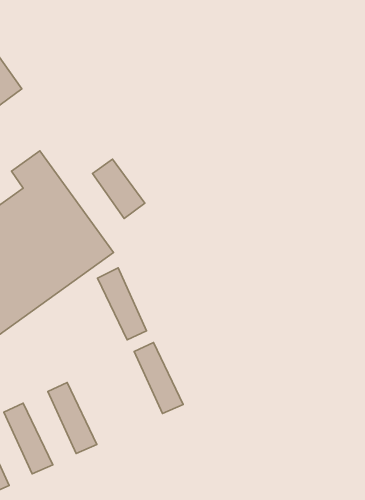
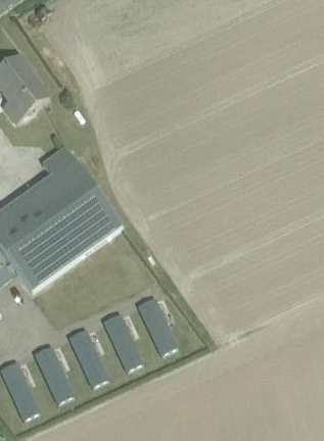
building: [93,159,145,218] -> none
building: [98,268,147,340] -> [103,312,142,370]

